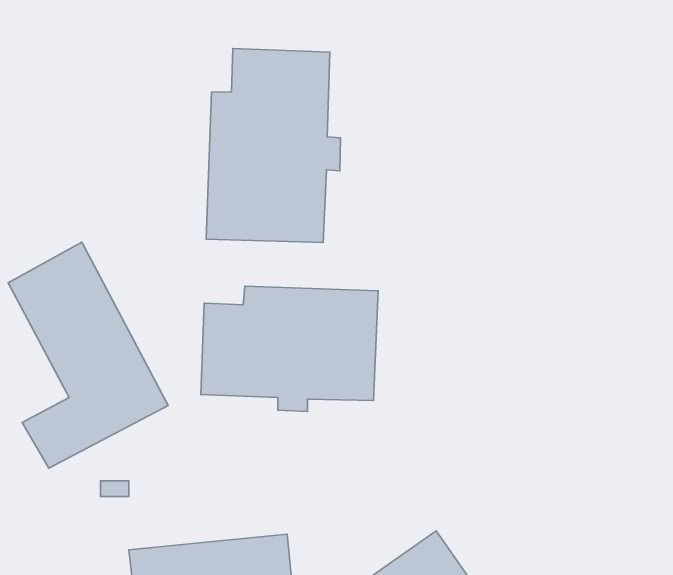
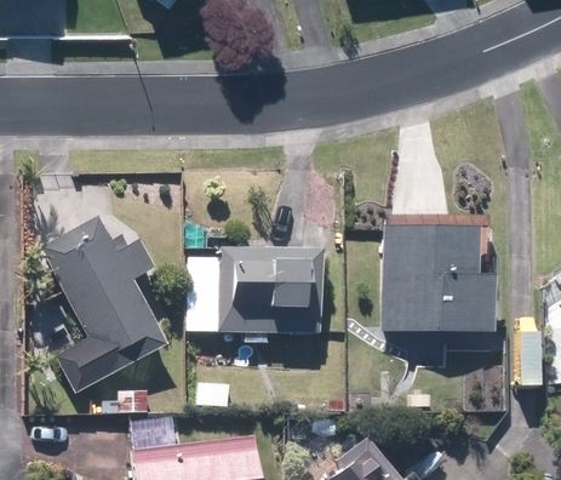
building: [206,49,340,242] -> none
building: none -> [379,212,499,367]

